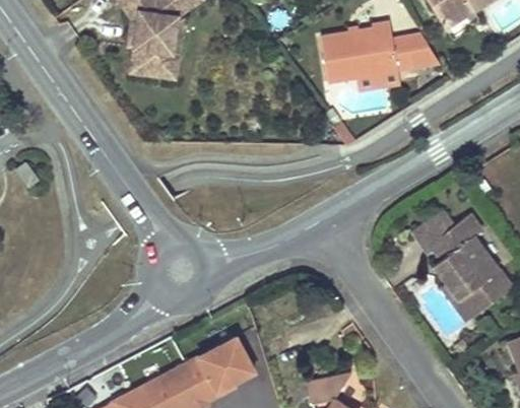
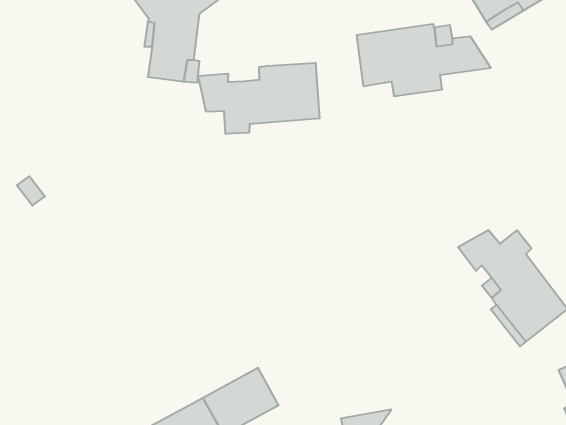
building: none -> [198,63,320,134]

